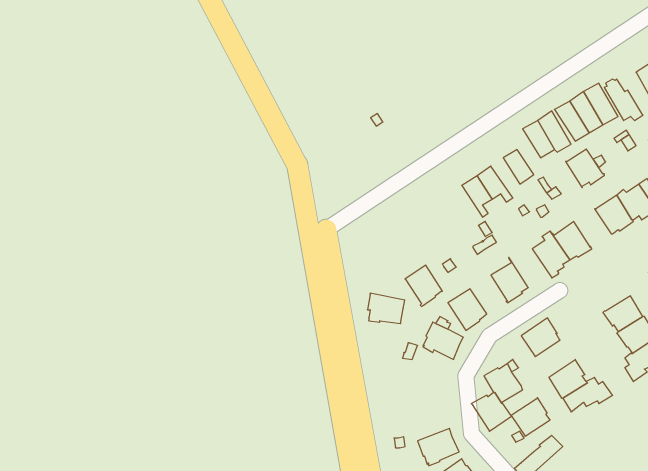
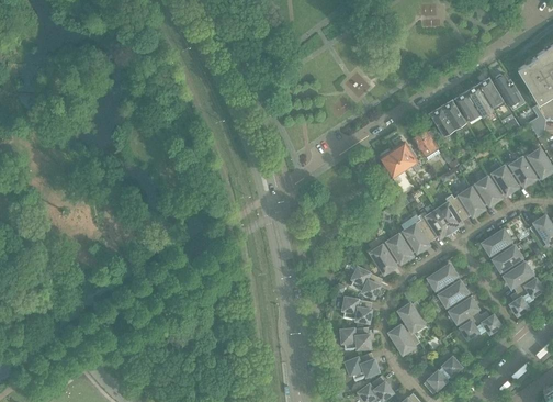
building: [566,149,604,188] -> [470,177,500,208]
building: none -> [418,209,452,239]
building: [405,265,442,306] -> [387,230,417,263]
building: none -> [482,228,515,258]
building: [367,293,405,324] -> [342,297,372,321]
building: none -> [341,326,370,350]
building: [511,398,550,436] -> [439,280,470,311]

